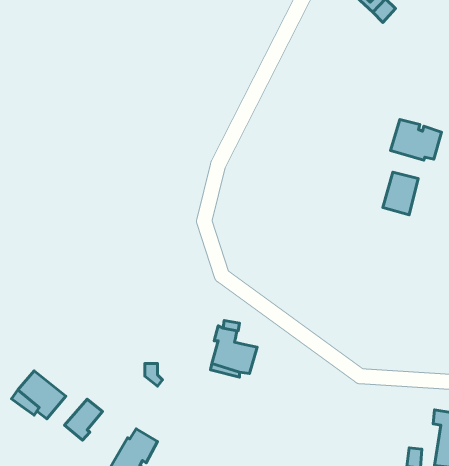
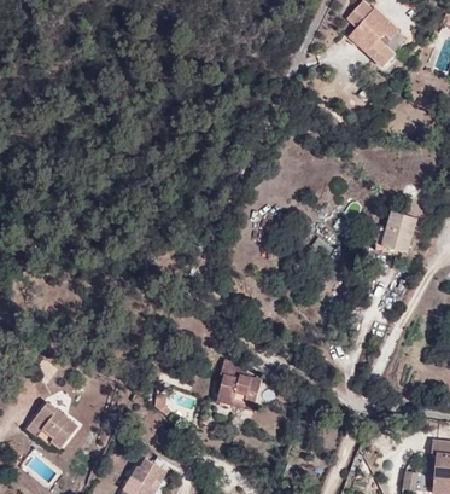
building: [390,120,441,160] -> none
building: [65,399,103,440] -> none

